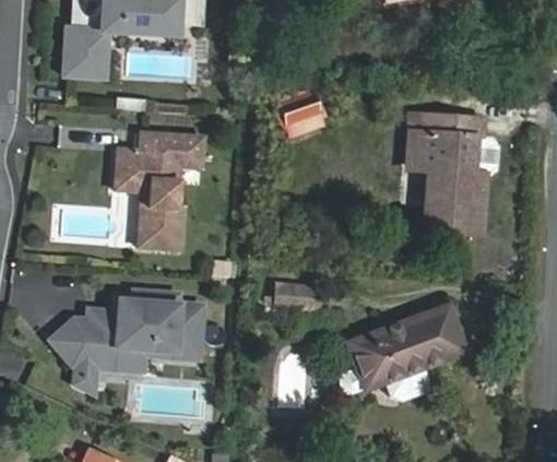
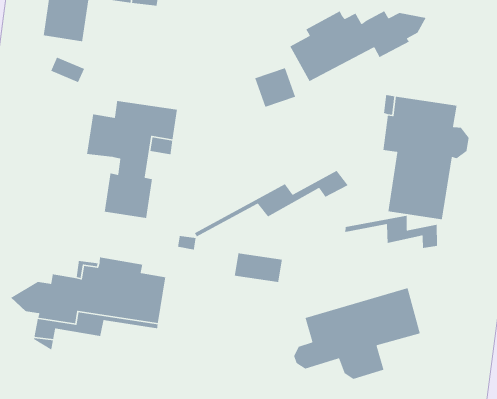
building: none -> [289,10,427,82]
building: none -> [194,170,349,238]
building: none -> [345,215,438,249]

